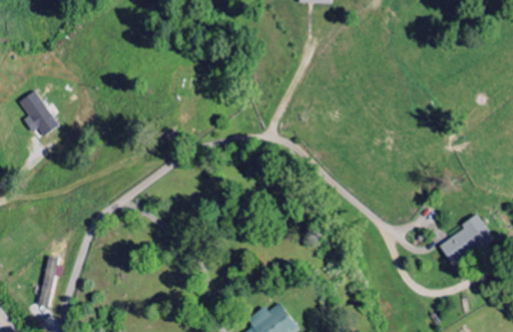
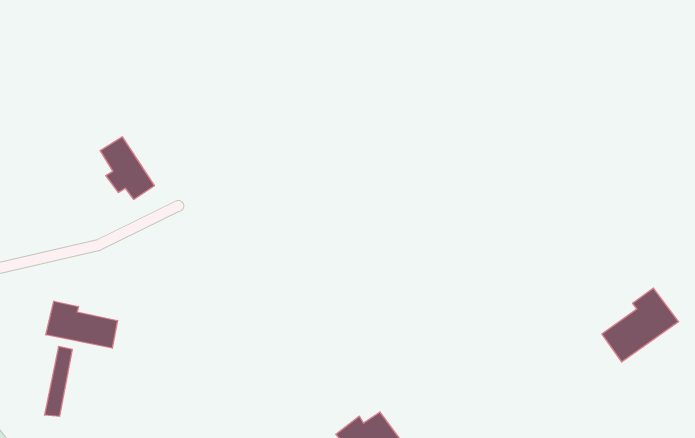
building: [19,91,58,136] -> [100,137,154,199]
building: none -> [46,301,118,348]

